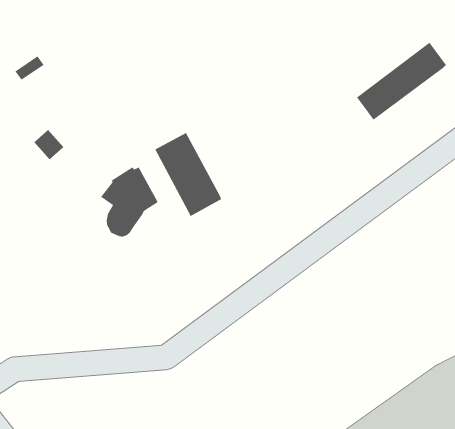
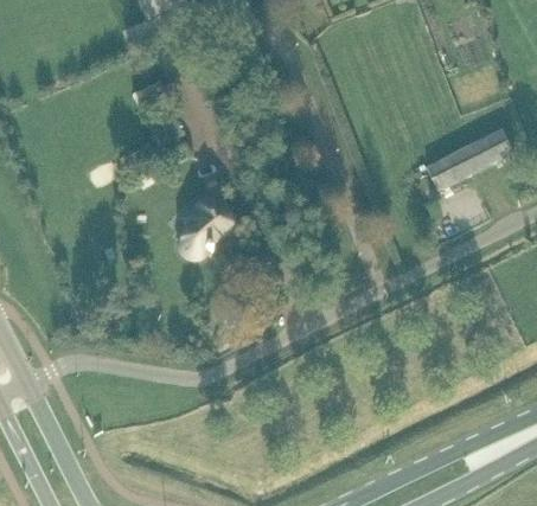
building: [155,132,222,217] -> none

